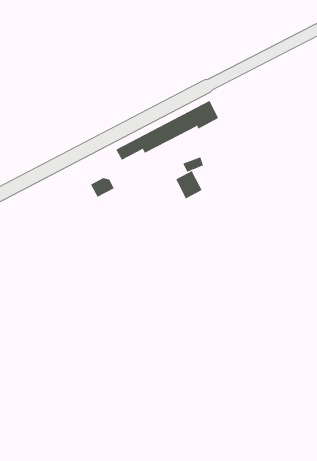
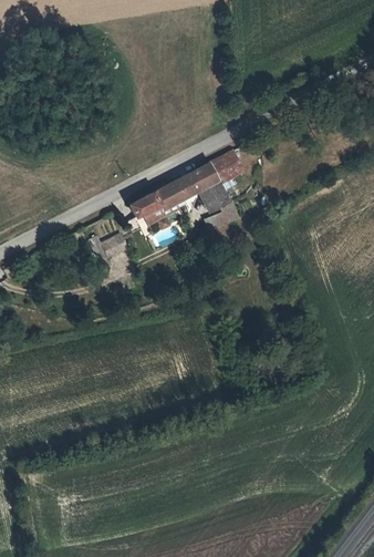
building: [176,170,203,199] -> [199,179,229,212]

